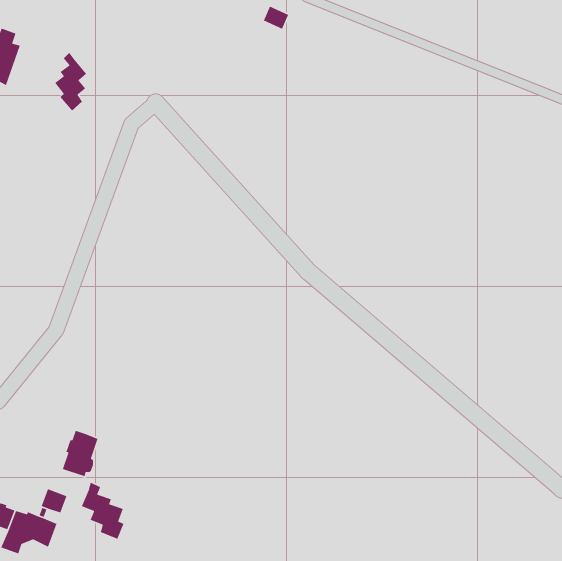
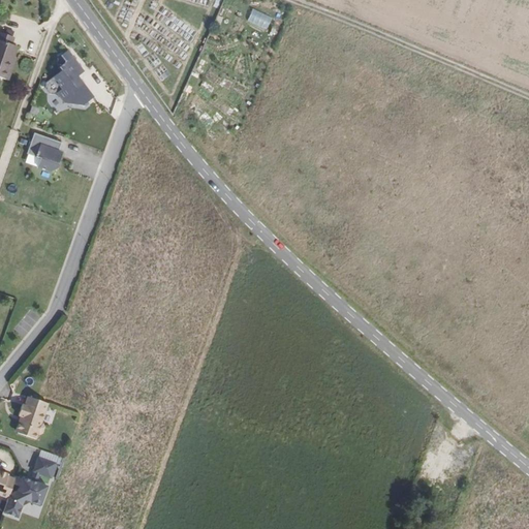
building: none -> [25,130,60,170]
building: [62,430,98,477] -> [14,394,49,438]
building: [81,482,125,540] -> none

